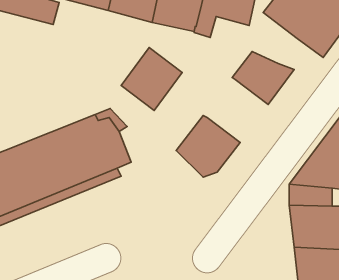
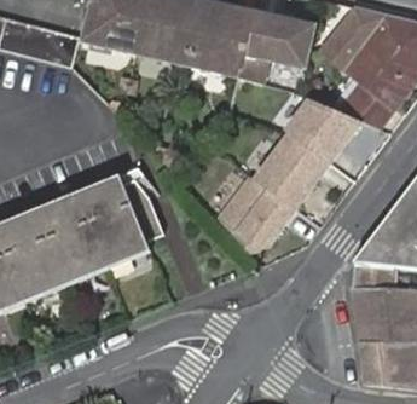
building: none -> [340,85,394,131]
building: [121,48,182,111] -> [254,134,328,210]

